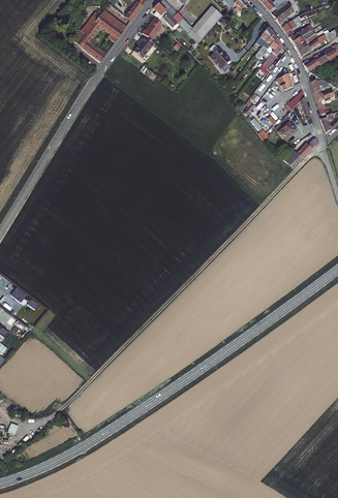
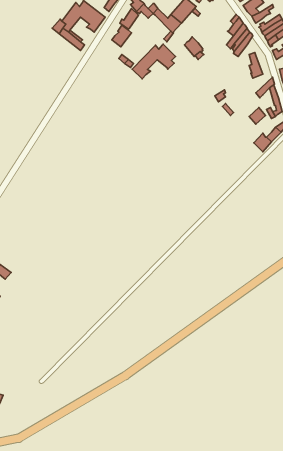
building: none -> [132,44,176,79]

